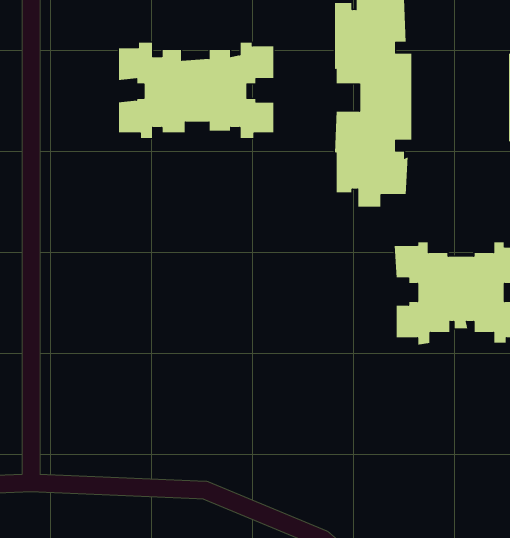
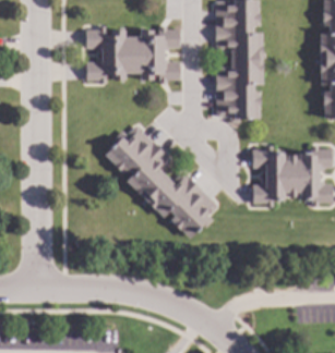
building: none -> [106,125,218,239]

